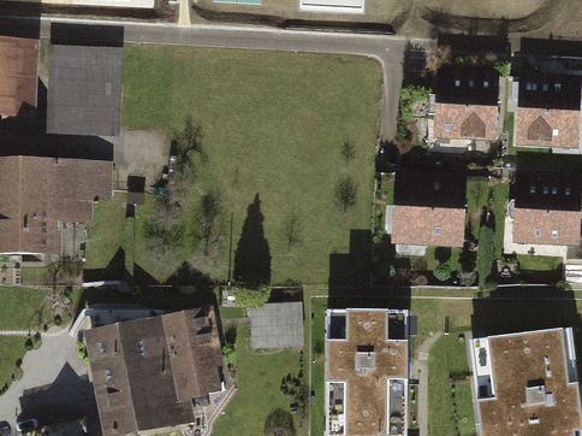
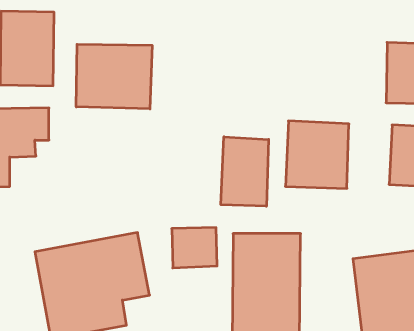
building: [434,73,500,149] -> none
building: none -> [76,44,152,109]
building: none -> [221,137,269,206]

